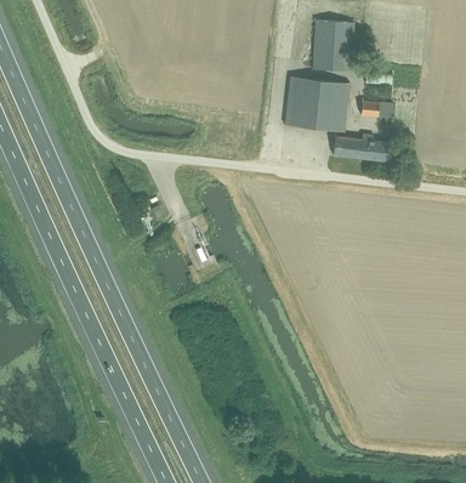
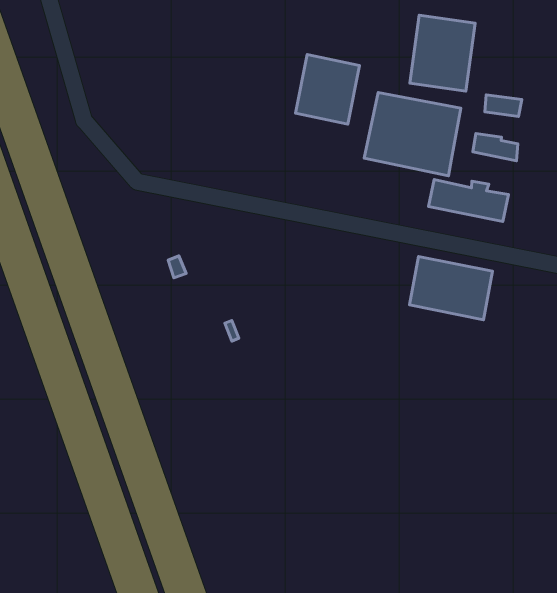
building: none -> [295,55,359,124]
building: none -> [410,256,492,320]

